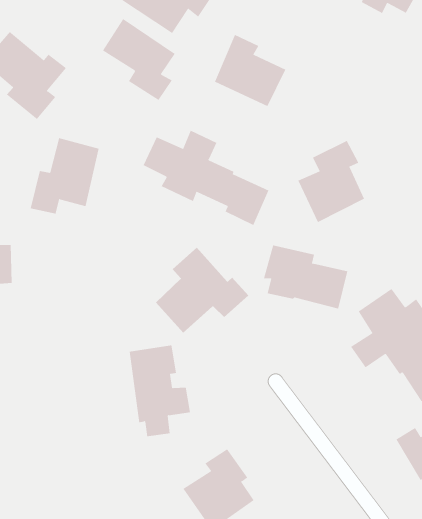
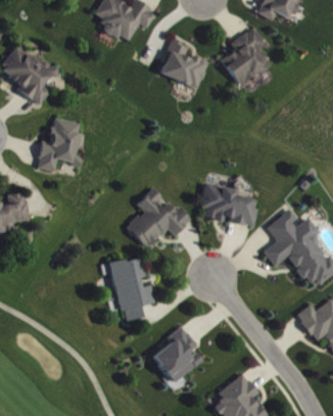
building: [102,18,176,101] -> none
building: [143,130,269,226] -> none
building: [297,140,365,223] -> [222,29,269,87]

